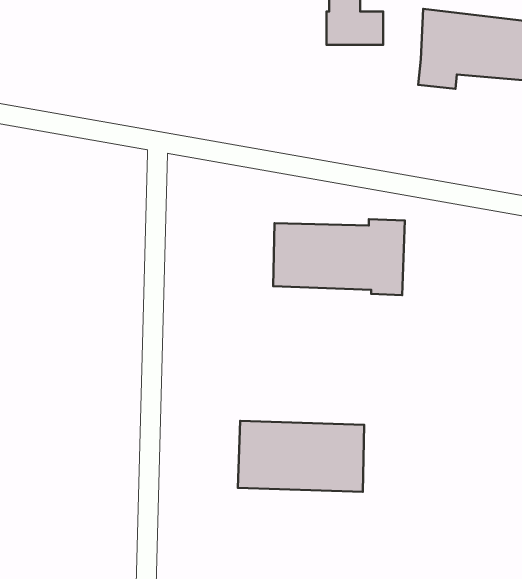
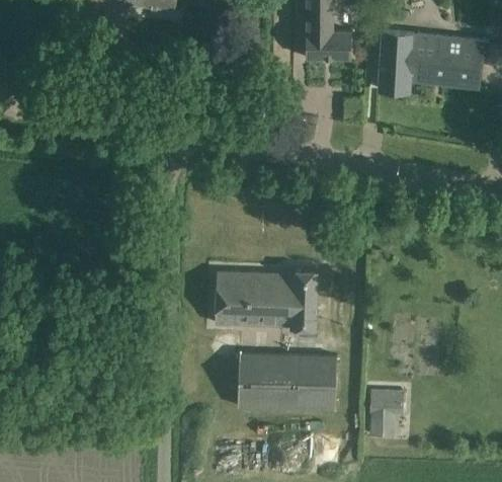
building: [273,219,405,295] -> [214,270,317,330]
building: none -> [369,391,403,436]

